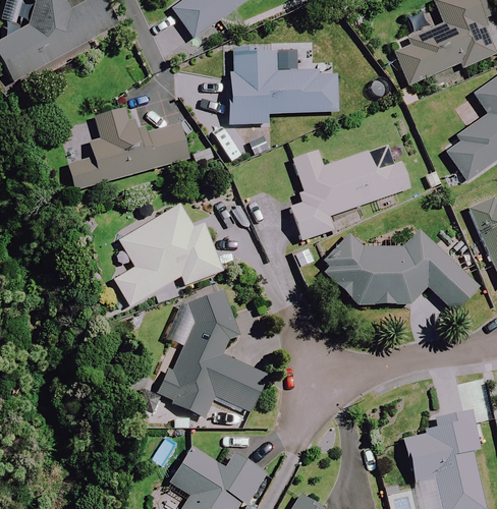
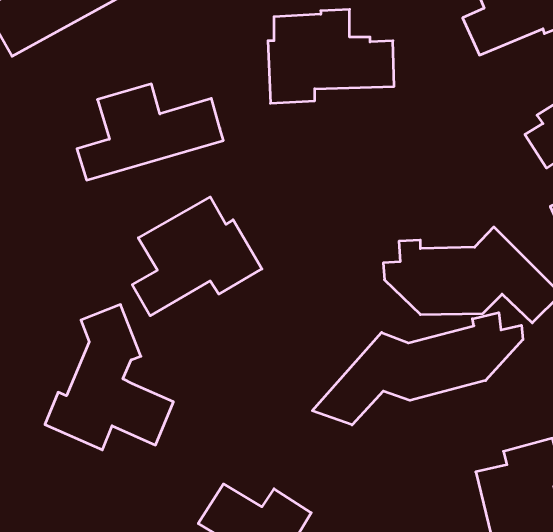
building: [290,144,410,239] -> none
building: [157,292,266,415] -> [45,305,173,450]
building: none -> [312,313,523,425]

